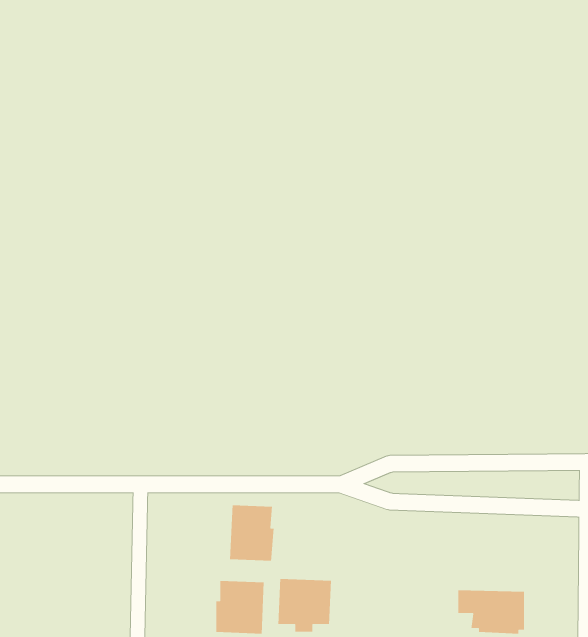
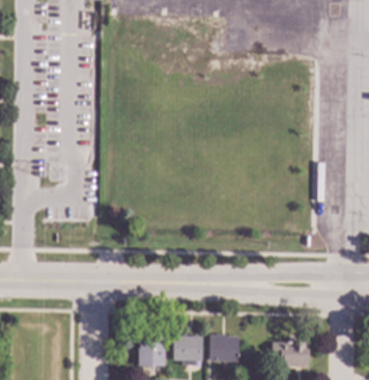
building: [229,504,274,562] -> none
building: none -> [208,333,238,360]

